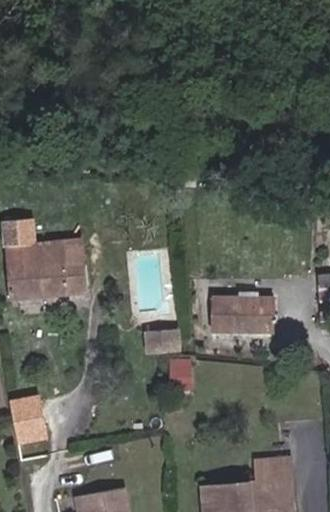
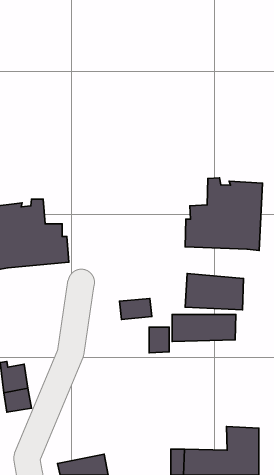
building: none -> [185,178,262,250]
building: none -> [172,315,236,341]

